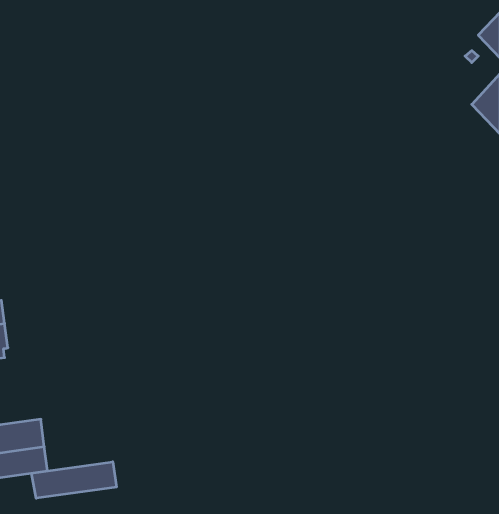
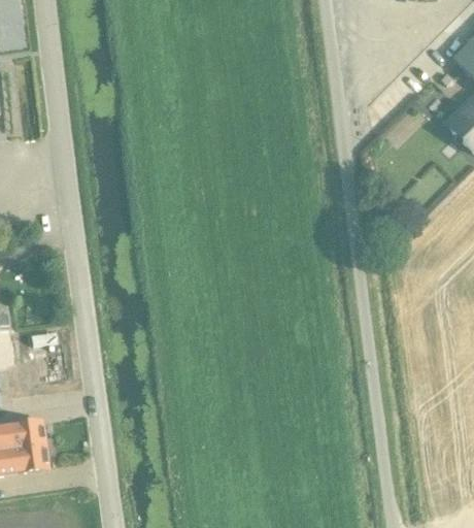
building: [31,462,116,498] -> none

